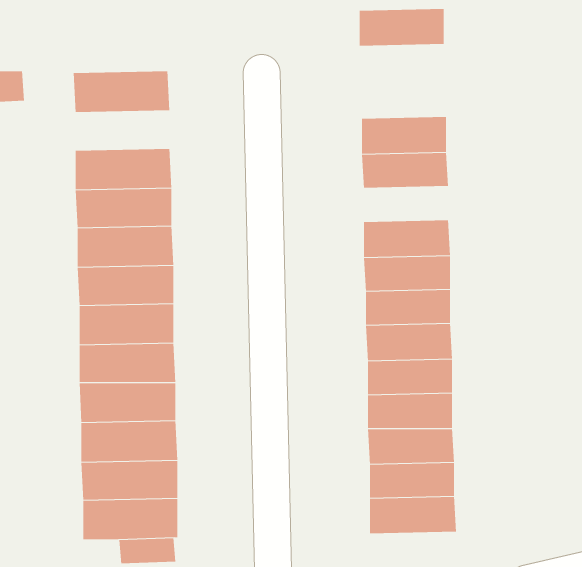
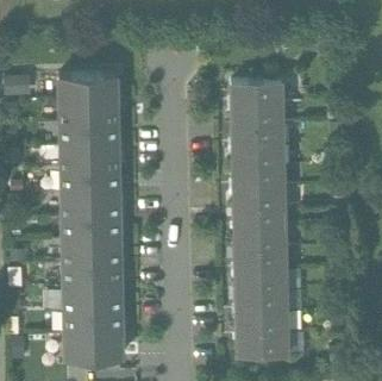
building: [359,9,444,46] -> [232,85,283,107]
building: none -> [61,102,118,126]
building: none -> [233,148,284,169]

